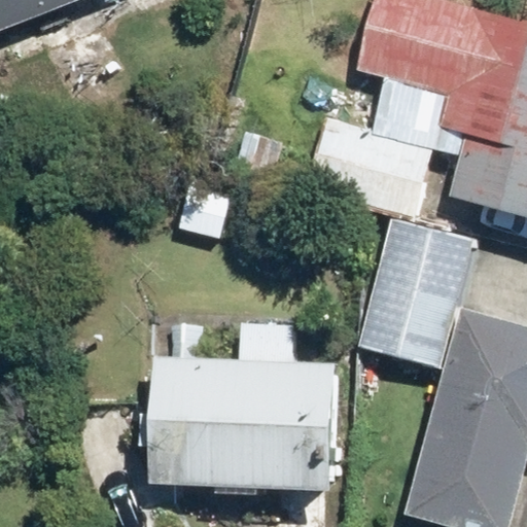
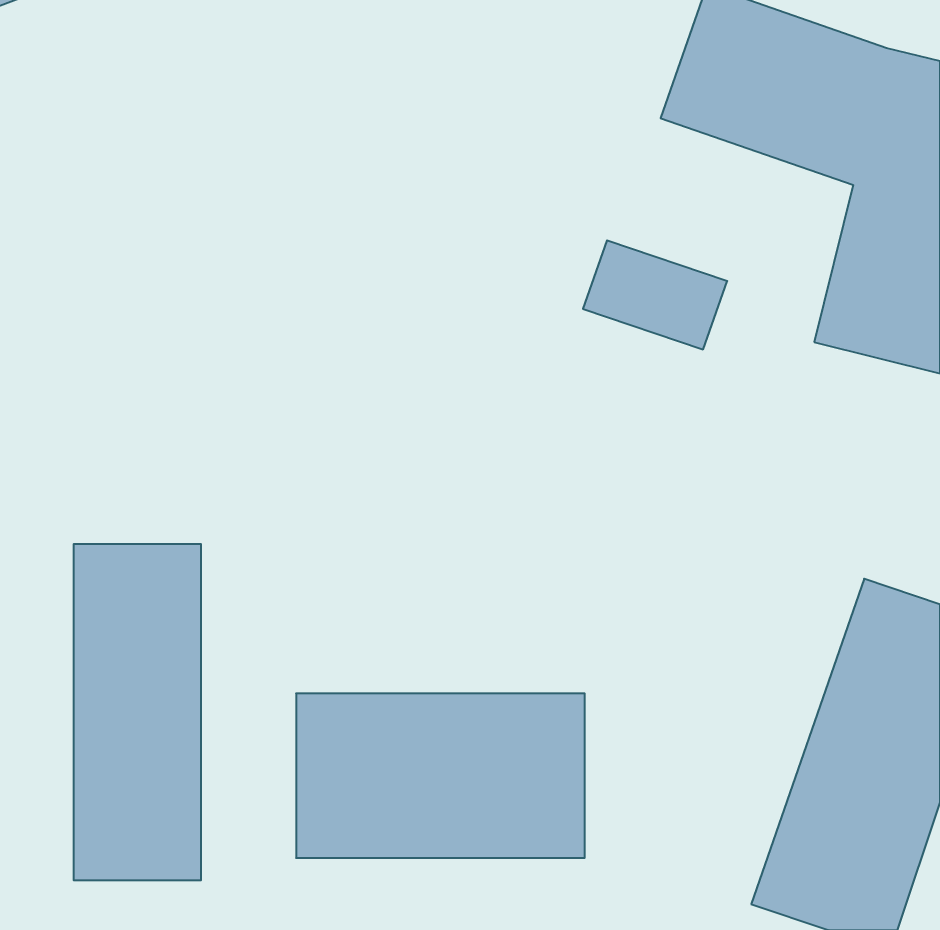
building: [367,221,463,350] -> none
building: none -> [74,544,201,880]

